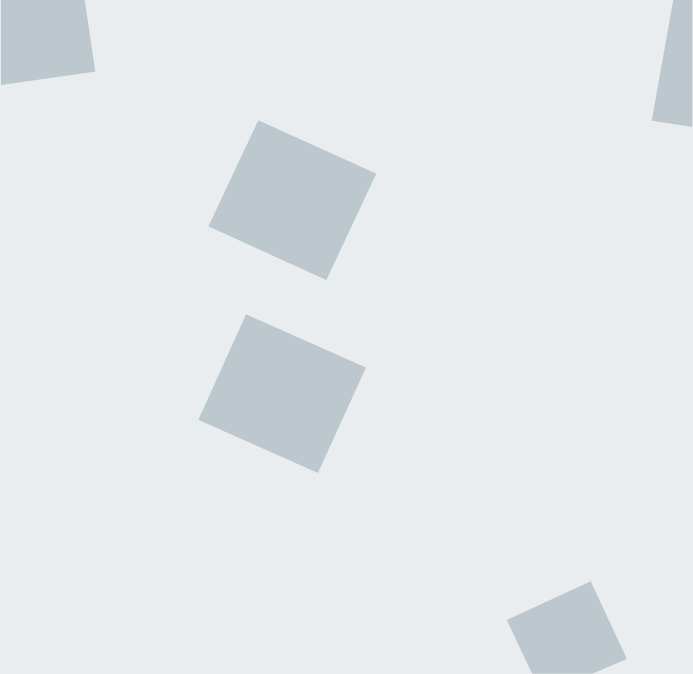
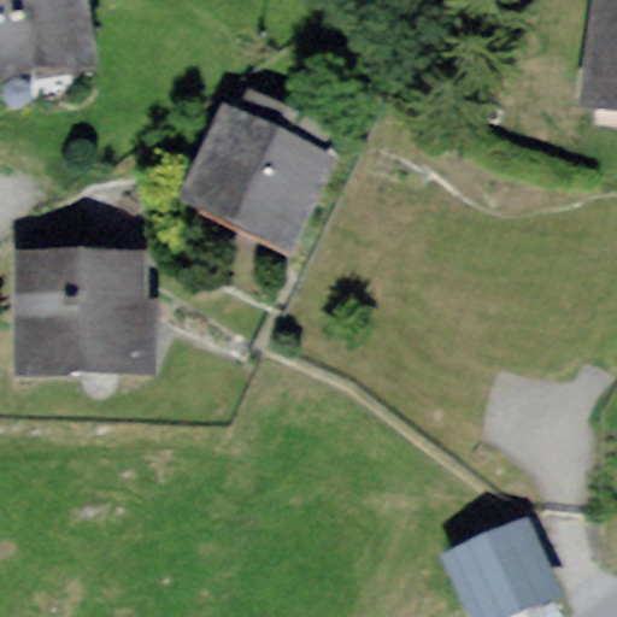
building: none -> [12,251,153,364]
building: [197,314,367,474] -> none

